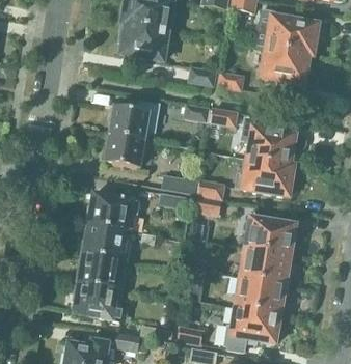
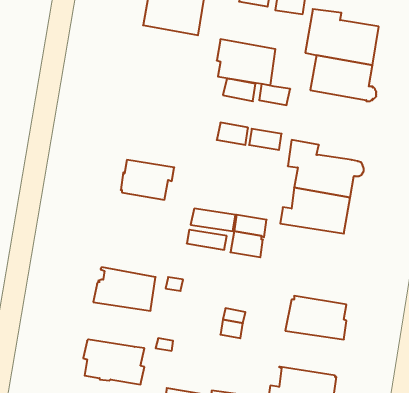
building: [118,23,167,61] -> [217,39,275,85]
building: [108,101,159,141] -> none
building: [85,193,140,232] -> none
building: [246,218,296,255] -> none
building: [76,253,128,291] -> none
building: [236,277,289,314] -> none

